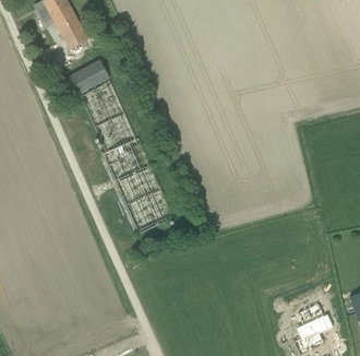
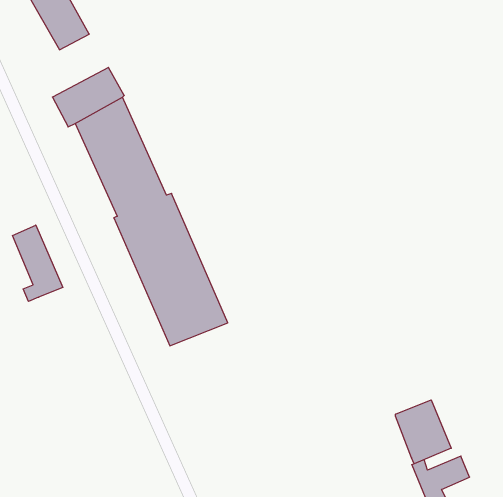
building: none -> [13,225,63,301]
building: none -> [395,400,451,464]

